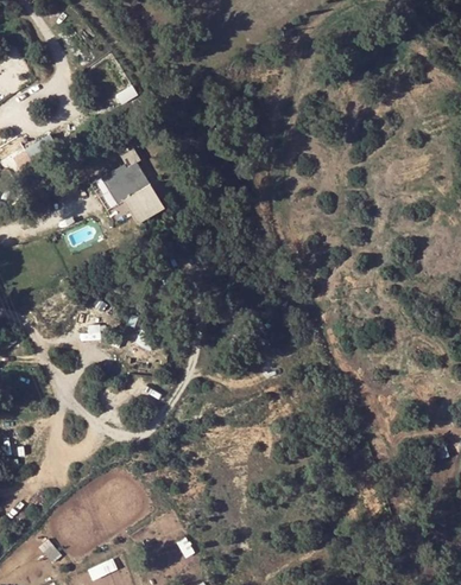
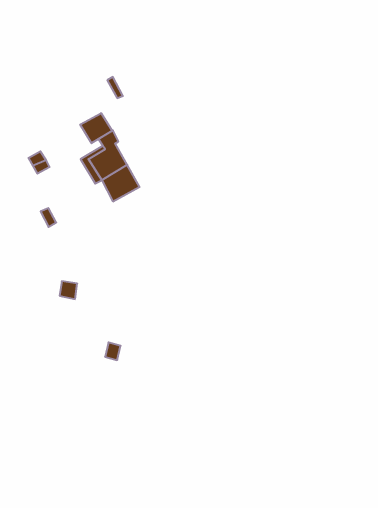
building: none -> [80,113,112,143]

